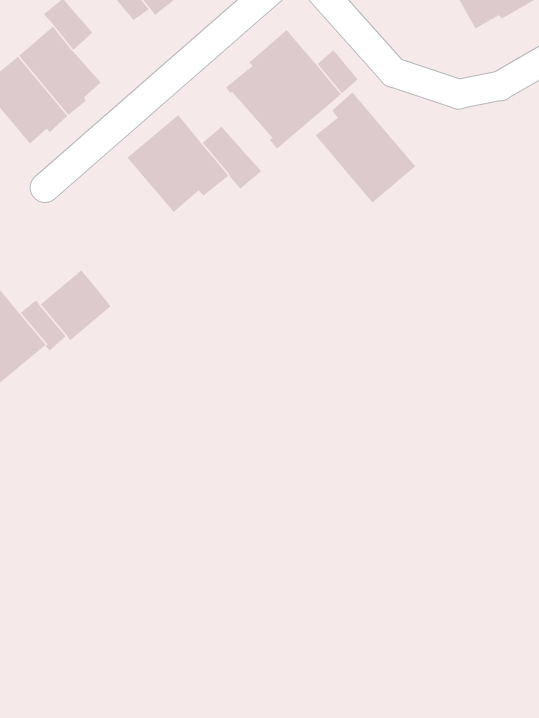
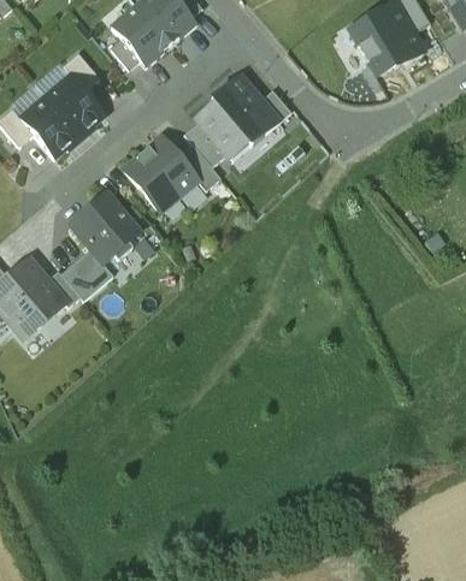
building: [315,92,416,204] -> none
building: none -> [183,120,228,166]
building: none -> [70,192,140,262]

